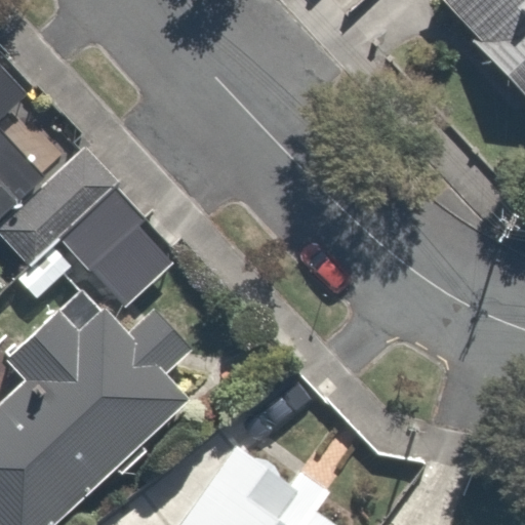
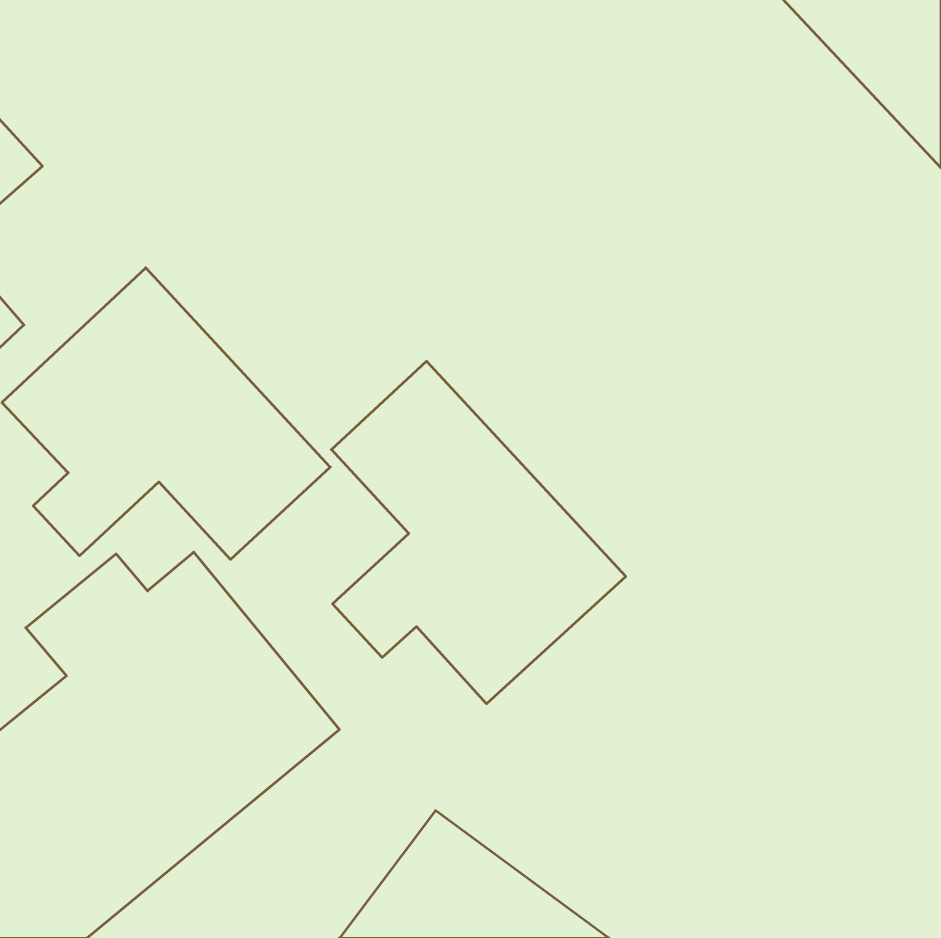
building: none -> [331,361,626,704]

